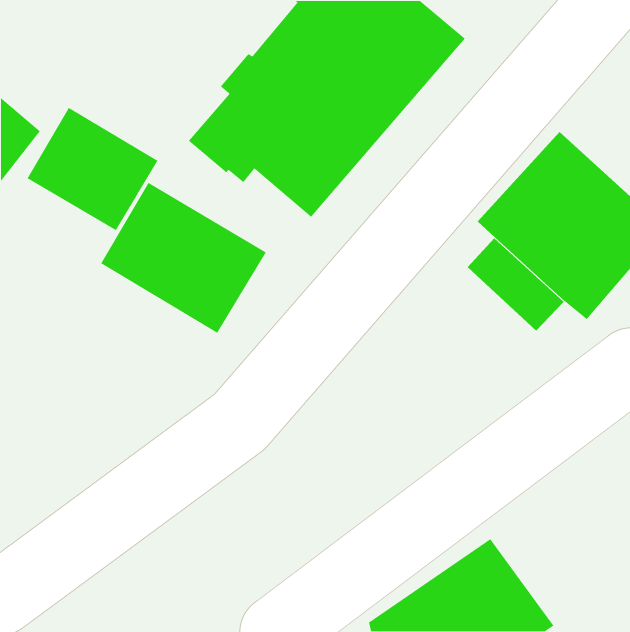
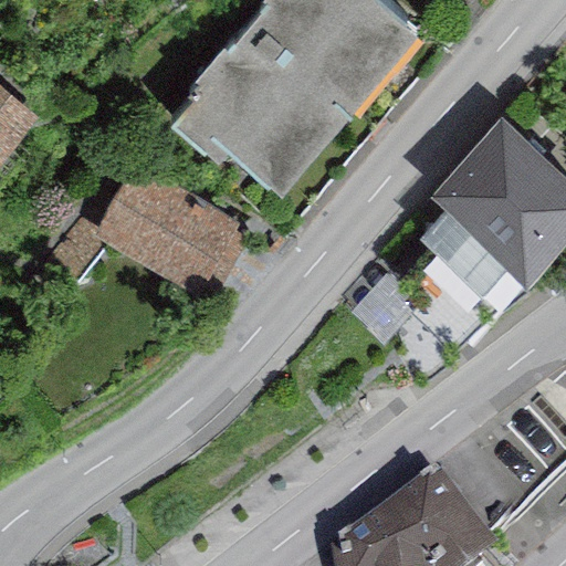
building: [27,107,158,231] -> none

